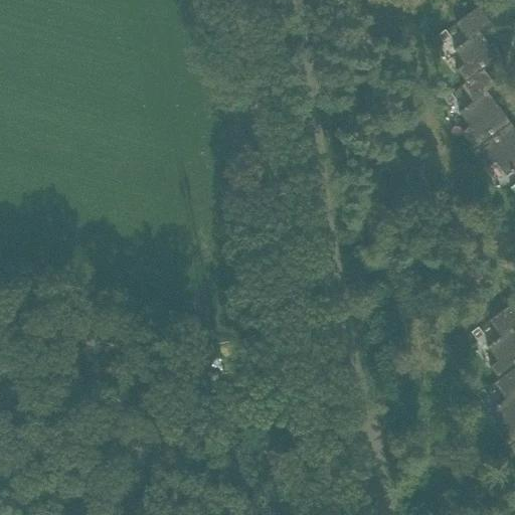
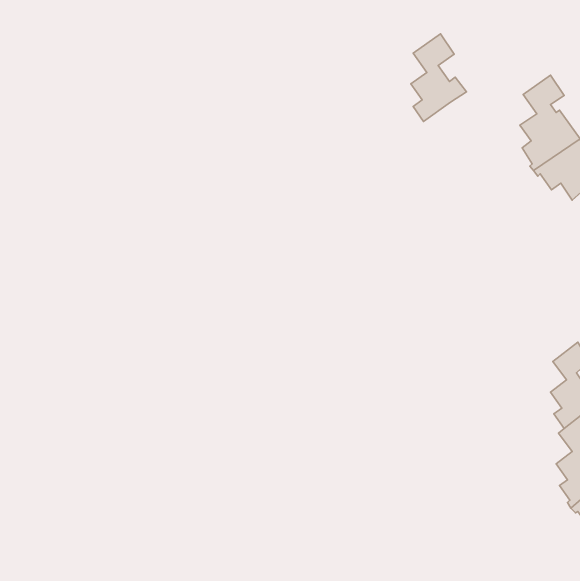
building: [453,6,502,83] -> [411,34,467,121]

